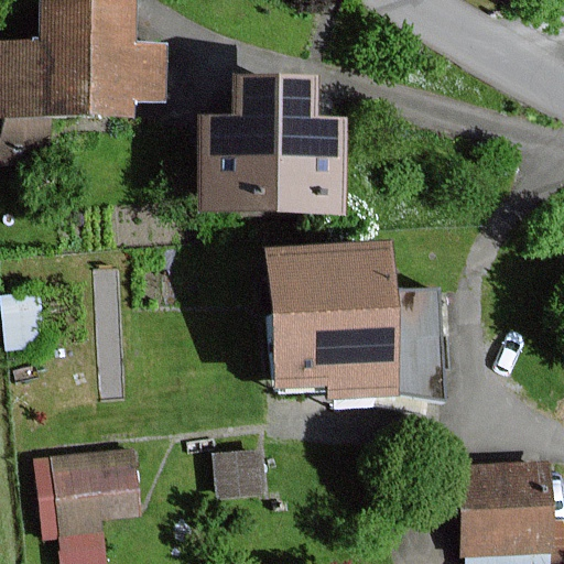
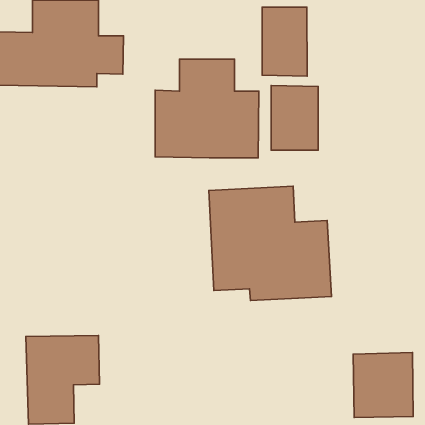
building: none -> [262,7,307,76]
building: none -> [271,85,318,150]

